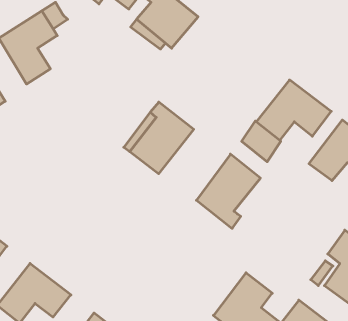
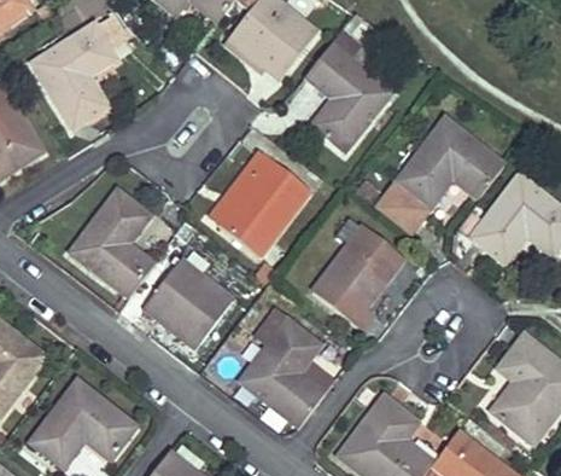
building: none -> [305,31,391,147]
building: none -> [71,188,154,292]
building: none -> [145,257,234,347]
building: none -> [241,313,333,425]

